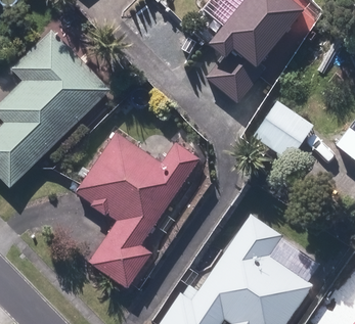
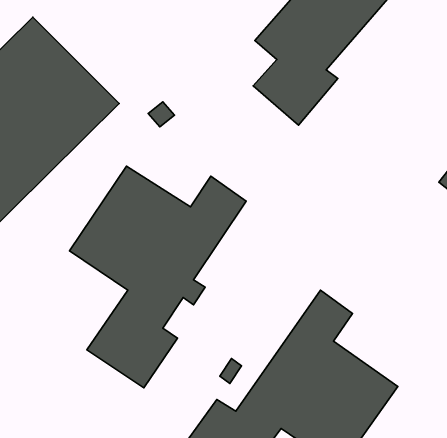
building: [253,98,315,160] -> none

